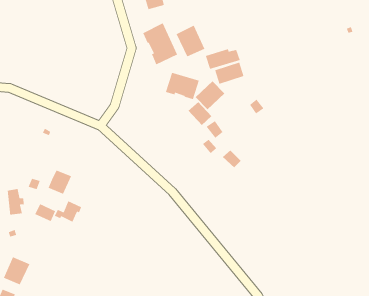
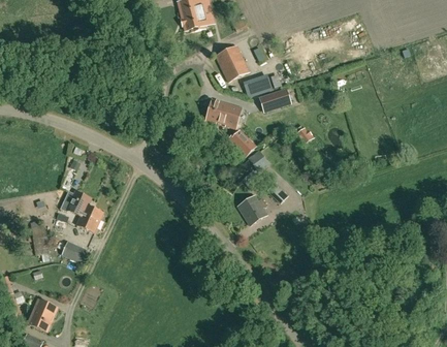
building: [142,22,178,66] -> none
building: [195,81,225,110] -> none
building: none -> [237,196,266,225]
building: [54,200,82,223] -> [60,191,91,216]

